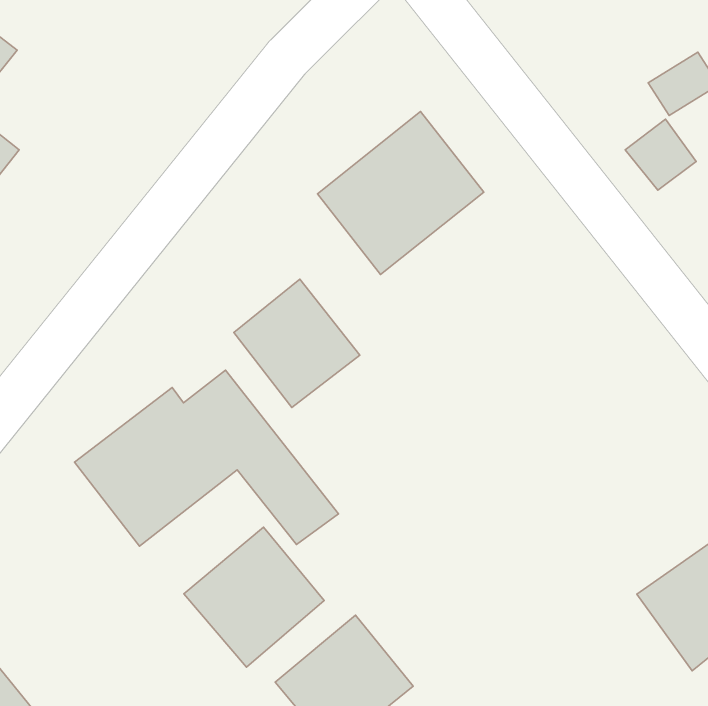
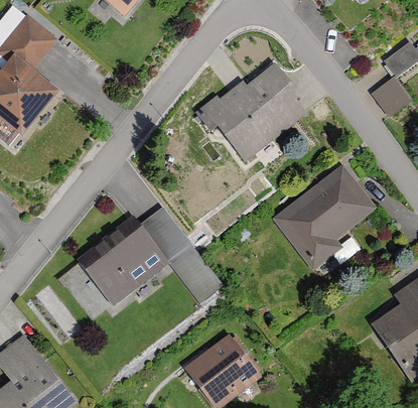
building: [234,279,360,408] -> none
building: none -> [277,171,368,258]
building: [184,527,324,667] -> none

